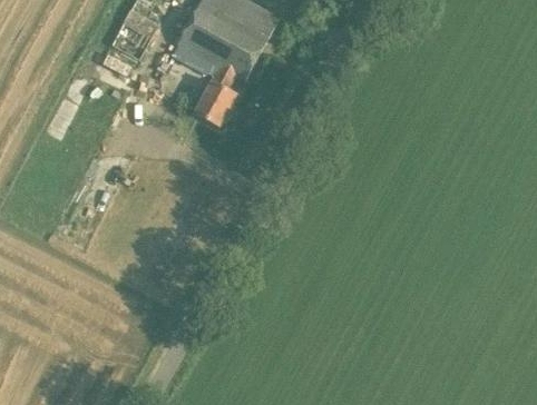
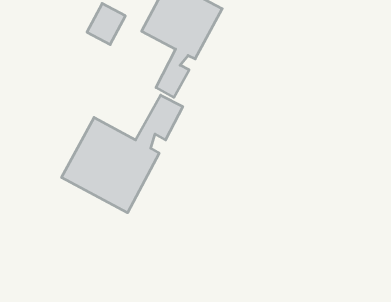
building: none -> [62,95,183,213]

